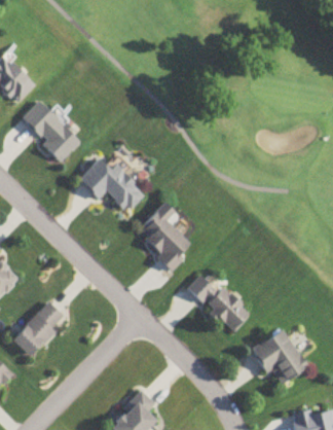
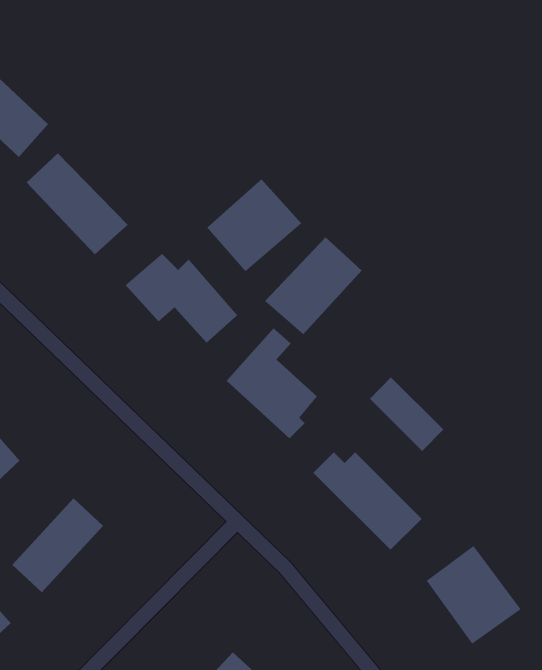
building: none -> [207,179,302,272]
building: none -> [264,237,362,335]
building: none -> [369,376,444,452]

